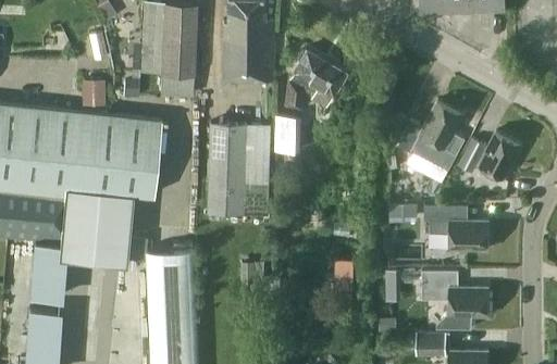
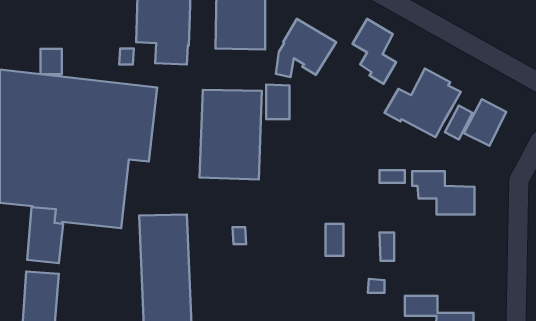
building: none -> [352,19,396,84]
building: [82,80,103,106] -> [41,49,62,74]
building: [422,272,488,331] -> none

